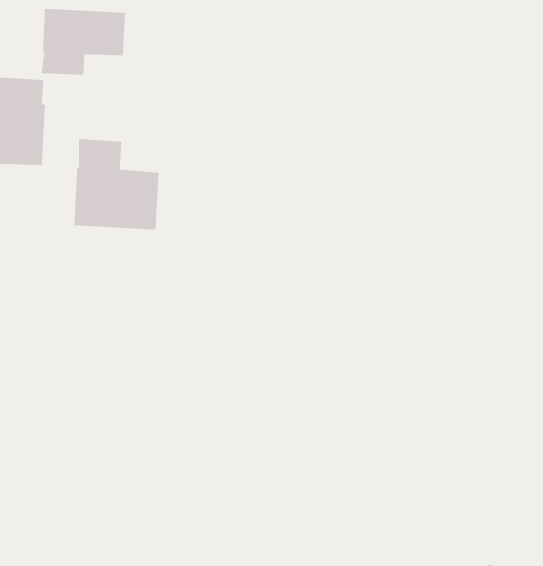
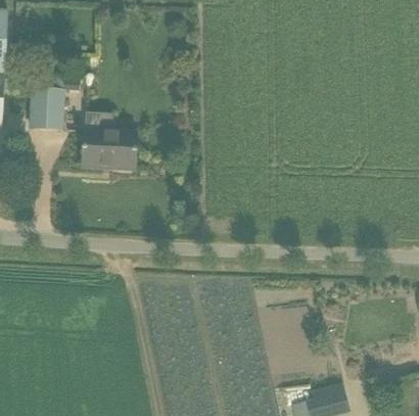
building: [41,8,126,76] -> none

